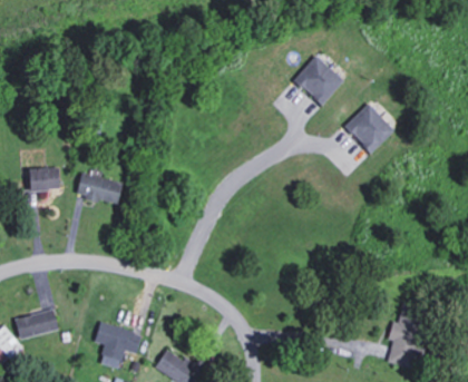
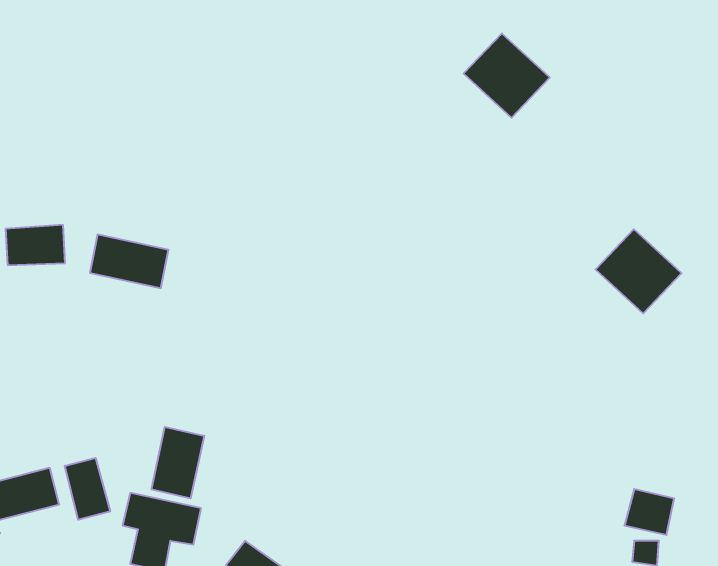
building: [345,104,396,153] -> [595,229,682,313]
building: none -> [151,427,204,498]
building: none -> [65,458,110,520]

